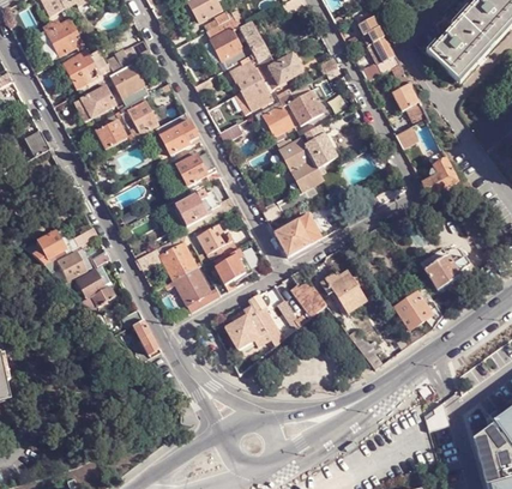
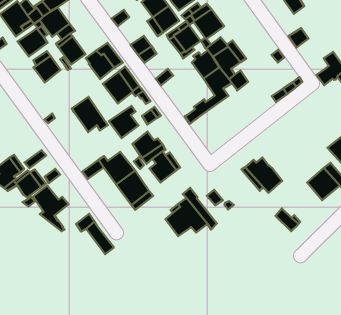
building: none -> [72,97,108,132]
building: [273,212,320,255] -> none
building: [290,270,325,316] -> none

